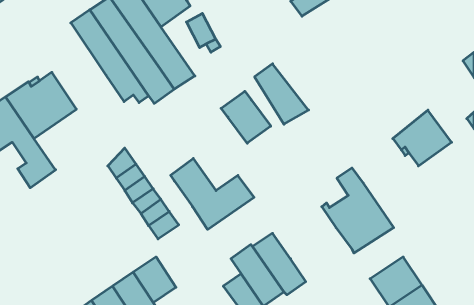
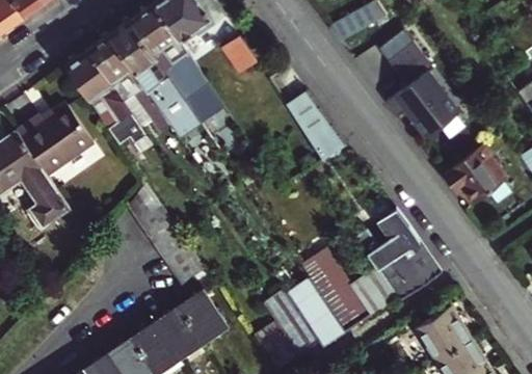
building: none -> [387,43,458,139]
building: none -> [64,49,150,150]
building: [221,91,271,143] -> none
building: [171,158,254,229] -> [304,255,396,332]
building: none -> [181,289,227,339]

